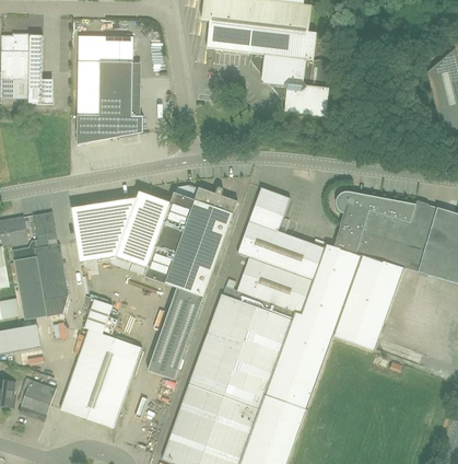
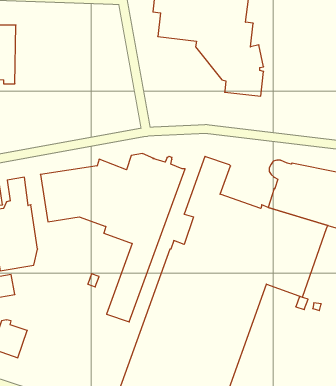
building: [75,36,142,144] -> none
building: [59,299,141,427] -> none

